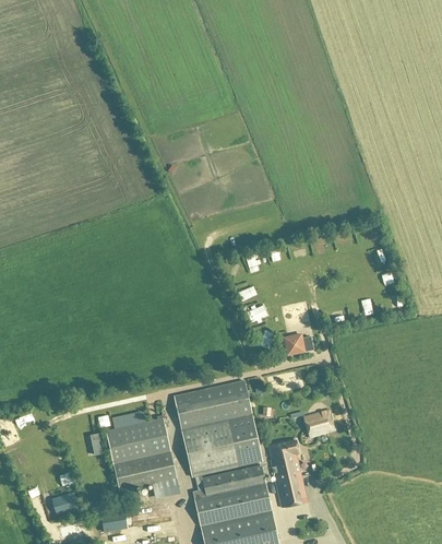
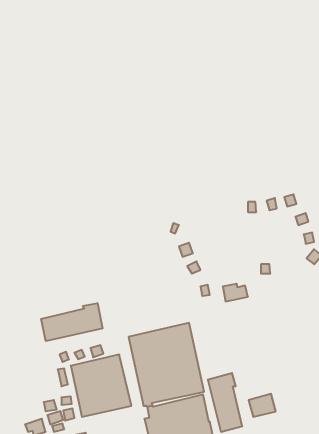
building: none -> [41,303,103,341]
building: [303,410,335,437] -> [249,394,276,417]

